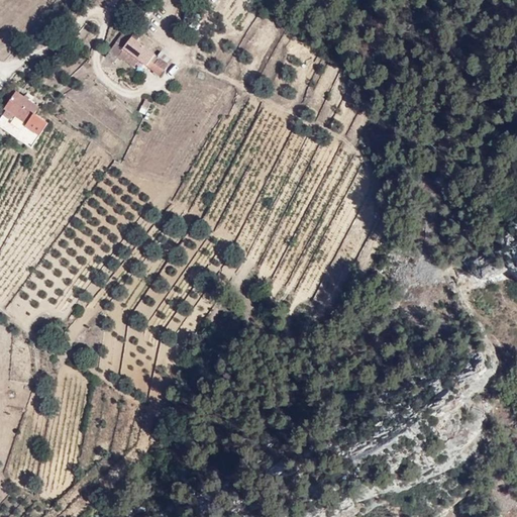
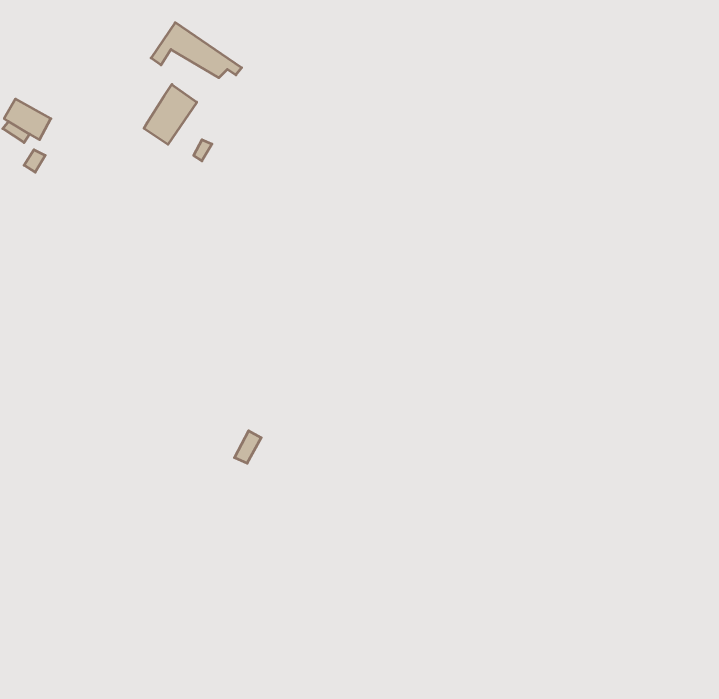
building: none -> [144,84,197,144]

